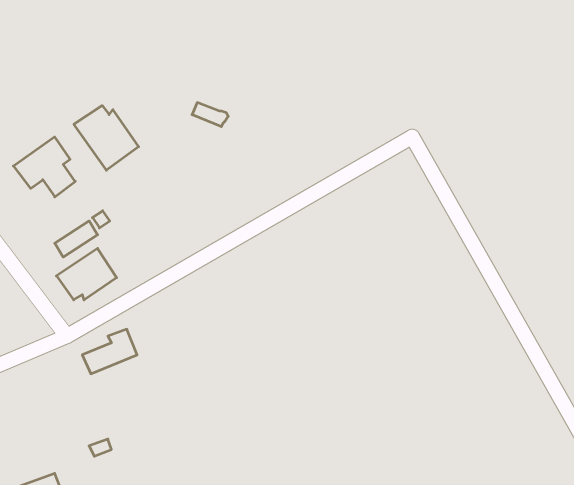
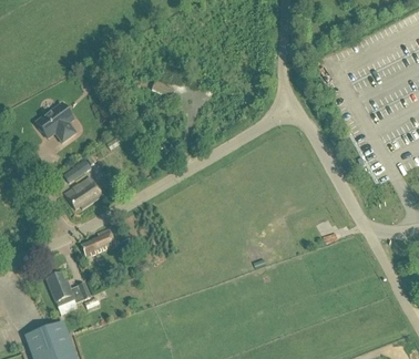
building: [74,106,139,170] -> none
building: none -> [45,273,90,302]

